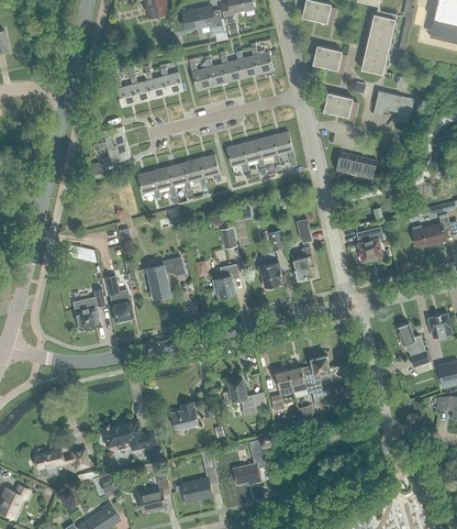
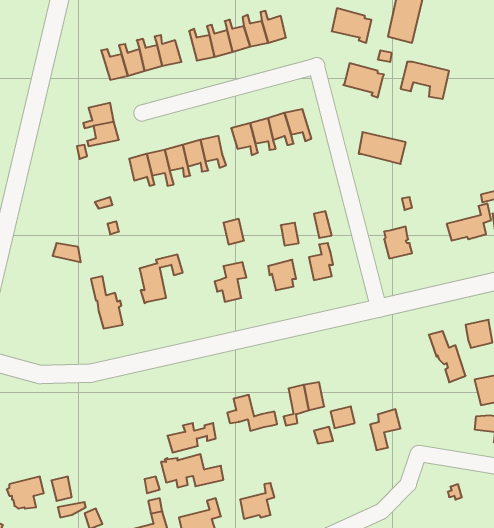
building: [76,289,105,330] -> none
building: [304,355,331,390] -> [370,409,401,450]
building: [103,421,157,450] -> [161,454,223,487]

